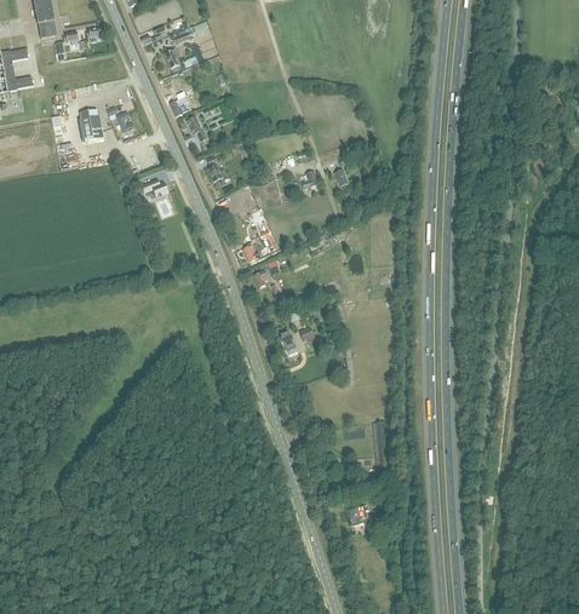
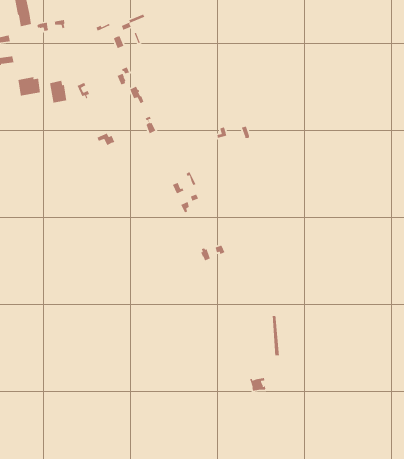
building: none -> [18,76,41,96]

